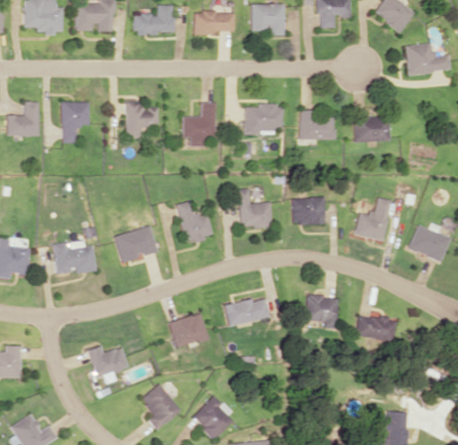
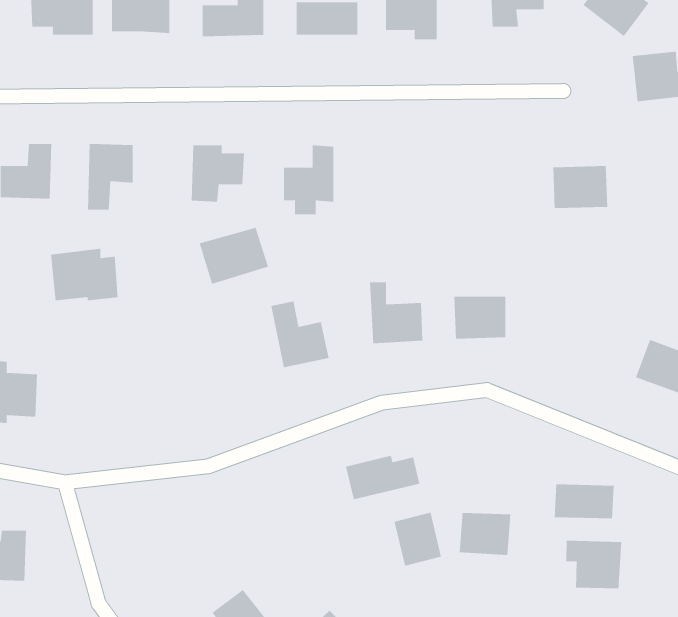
building: [246,104,284,134] -> none
building: [301,110,337,139] -> none
building: [355,197,391,240] -> none
building: [114,226,158,262] -> [199,227,269,284]
building: [53,240,97,273] -> [50,248,119,301]
building: [306,295,339,322] -> [459,513,511,556]
building: [169,311,210,347] -> none
building: none -> [394,512,442,566]
building: [87,345,128,384] -> none
building: none -> [566,540,622,589]

